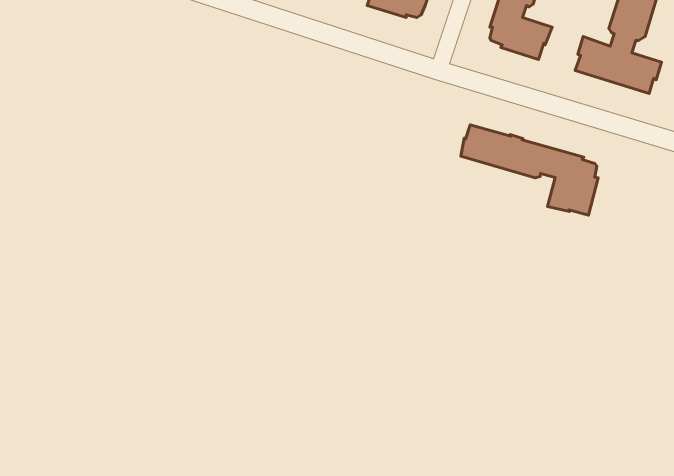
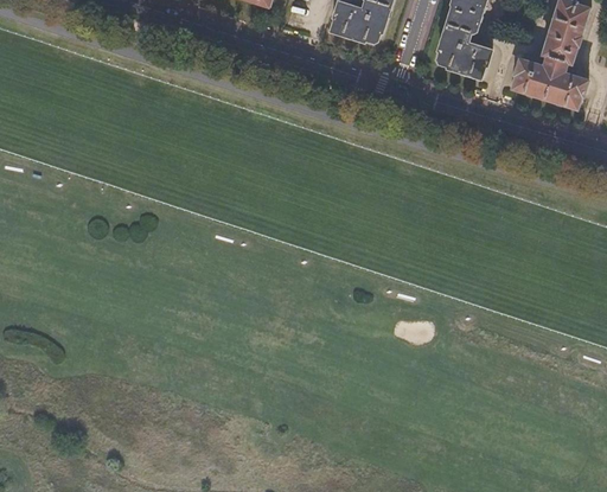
building: [461,125,598,215] -> none

